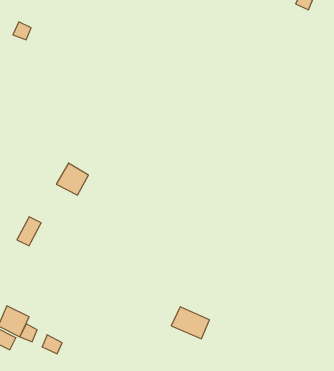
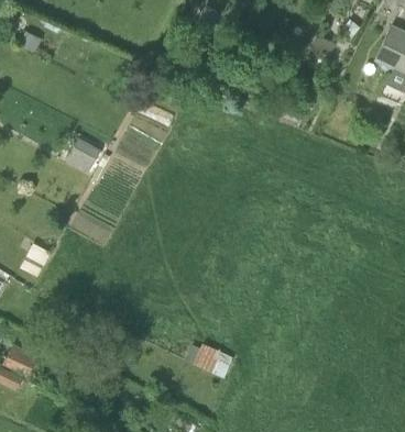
building: [56,163,88,195] -> [66,137,101,173]

